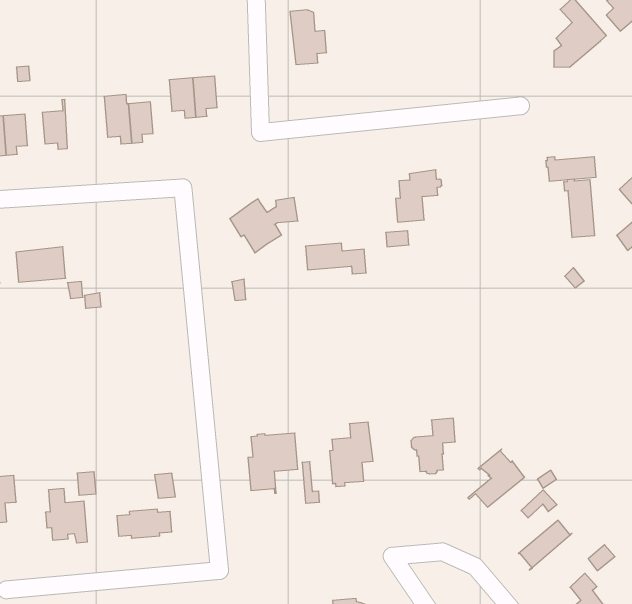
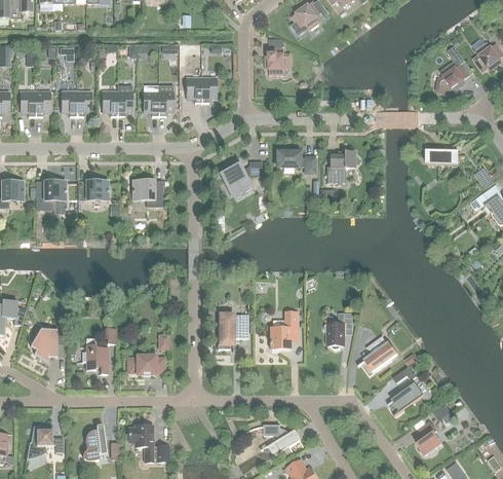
building: none -> [117,84,132,116]
building: [564,179,595,238] -> none
building: none -> [133,180,163,207]
building: [305,243,366,274] -> [277,151,315,172]

